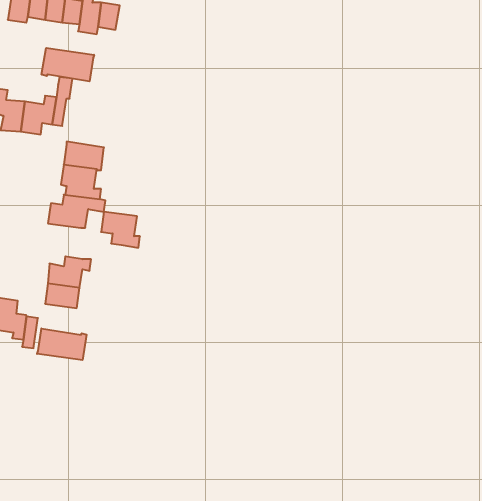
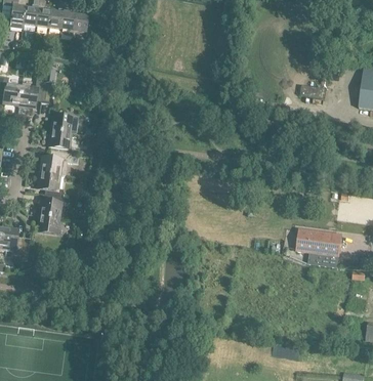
building: [42,48,94,81] -> none
building: [101,212,140,248] -> [35,171,63,197]
building: none -> [295,228,339,266]
building: [37,328,87,360] -> none

